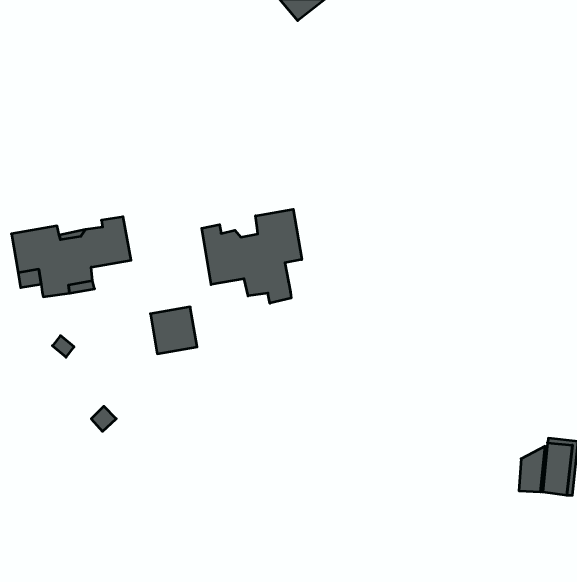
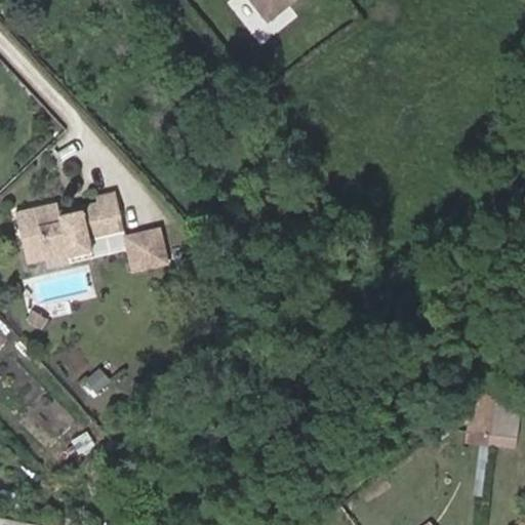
building: [202,209,302,303] -> none
building: [150,307,197,354] -> [123,233,165,275]

